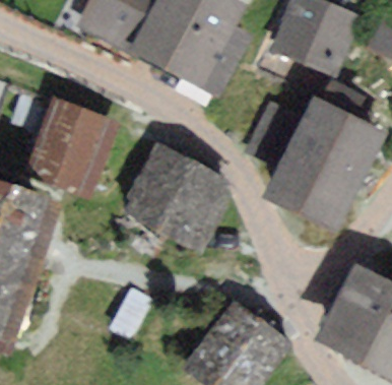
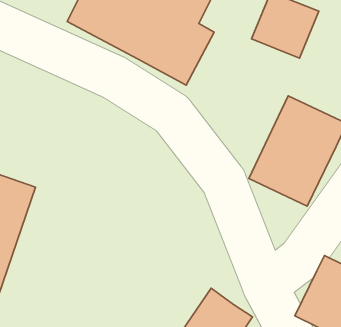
building: [31,104,111,193] -> none
building: [129,150,223,240] -> none

